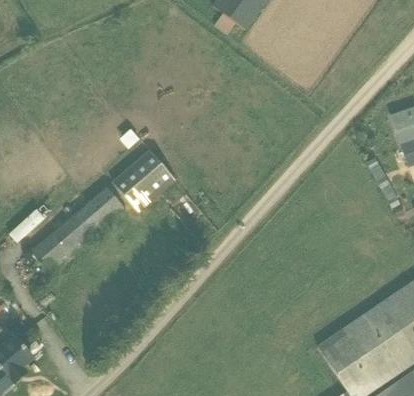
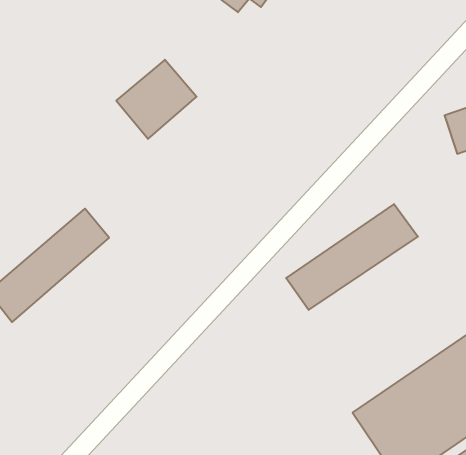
building: [112,149,175,211] -> [116,60,197,139]
building: none -> [286,204,418,310]

